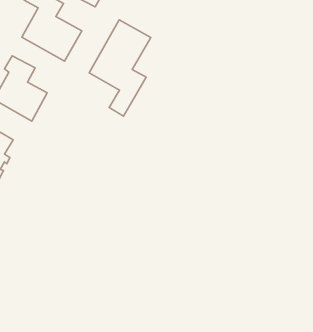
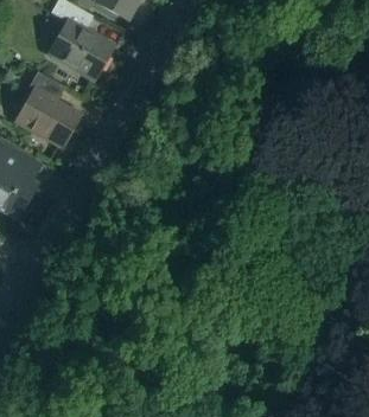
building: [89,20,151,116] -> none

